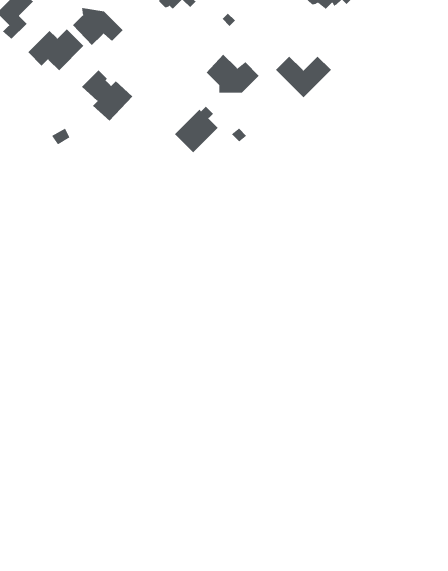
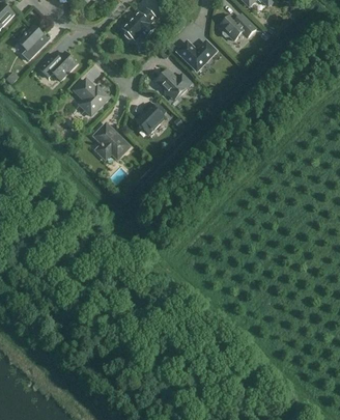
building: [72,7,124,46] -> none
building: [275,56,332,98] -> [177,41,215,69]
building: none -> [93,128,129,159]

